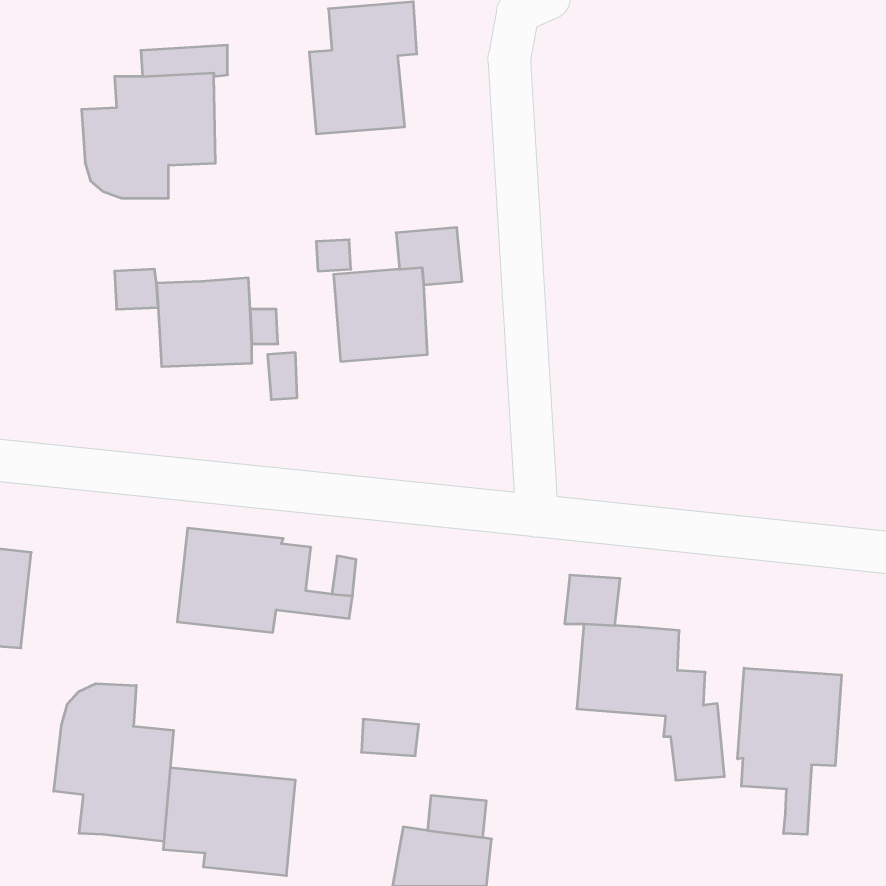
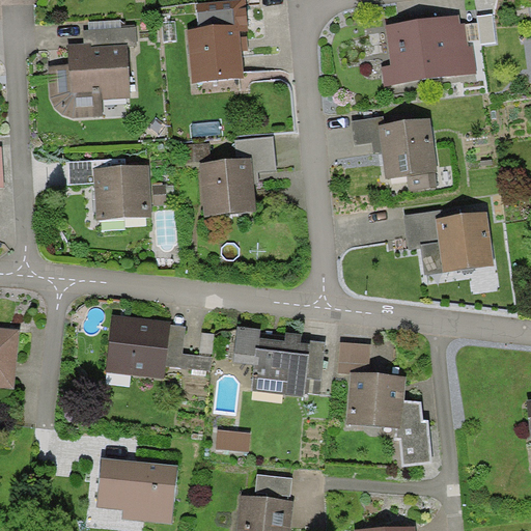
building: none -> [382,18,477,84]
building: none -> [350,118,437,191]
building: none -> [401,209,493,273]
building: none -> [234,327,325,395]
building: [738,668,842,834] -> none
building: [54,684,174,842] -> none

